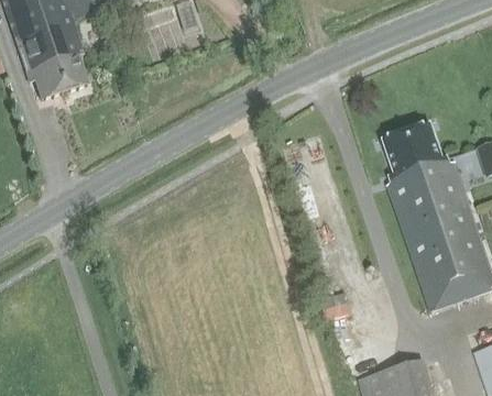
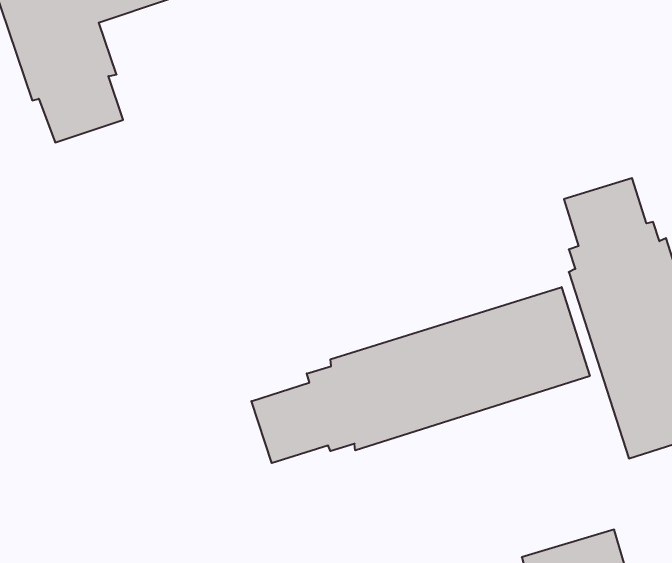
building: none -> [251,287,590,463]

